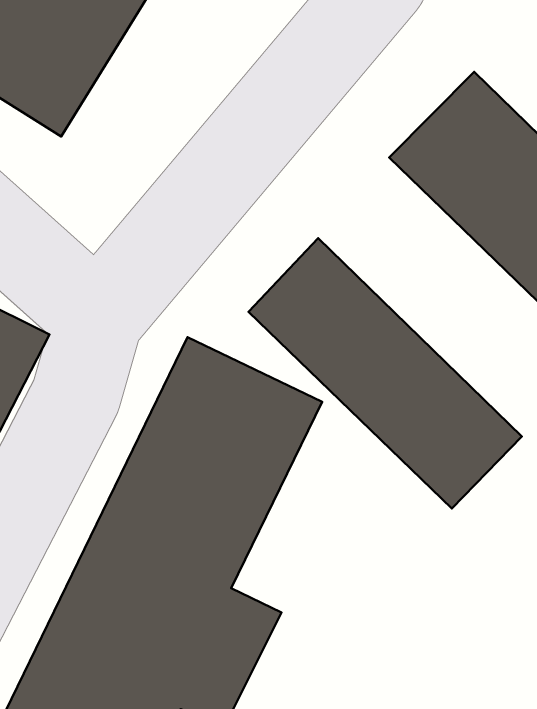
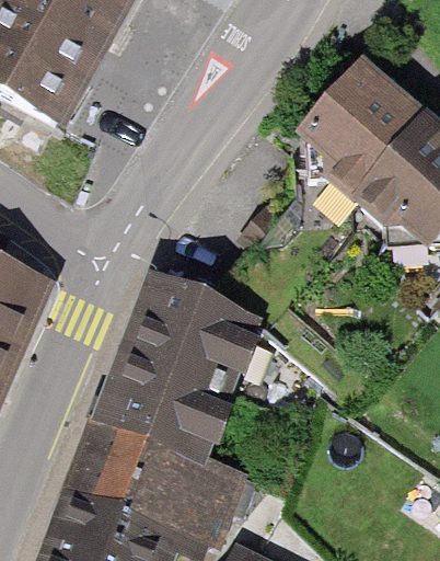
building: [249,238,522,509] -> none

